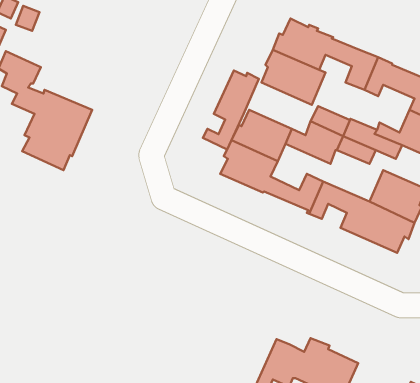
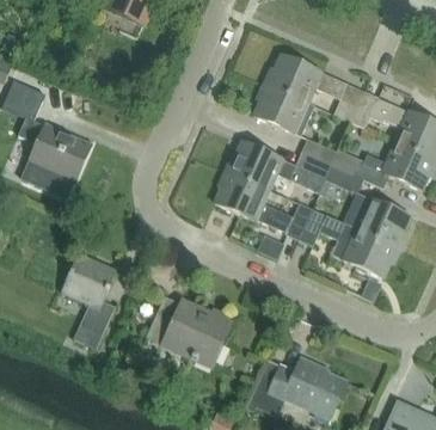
building: [203,71,259,150] -> none
building: none -> [61,253,117,349]
building: none -> [146,299,233,369]

